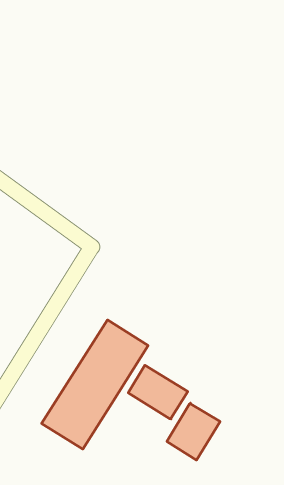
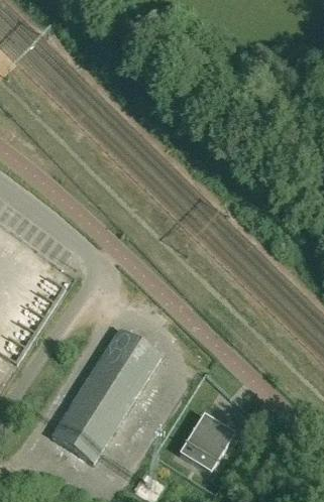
building: [128,365,188,419] -> none

